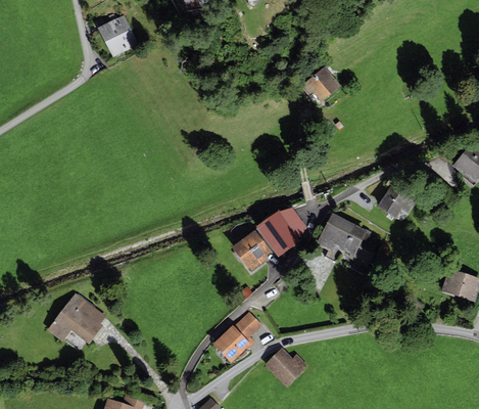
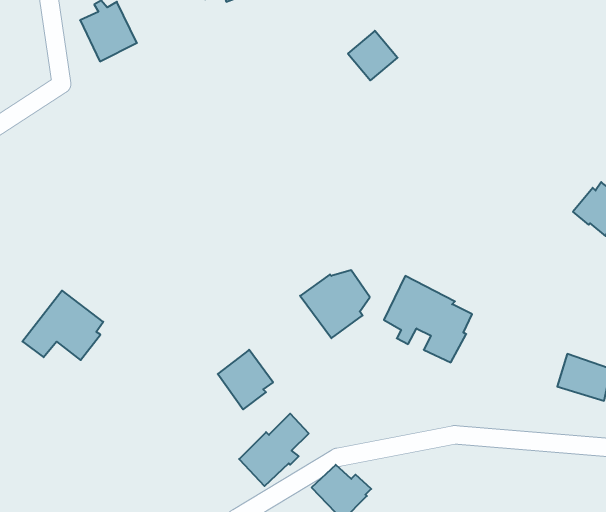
building: [303,66,339,102] -> [348,31,398,80]
building: [377,178,412,217] -> none
building: [231,229,271,272] -> [218,350,273,409]
building: [46,293,104,344] -> [22,291,103,360]

